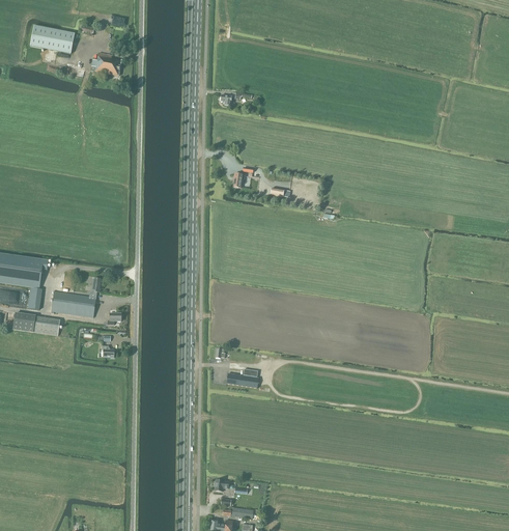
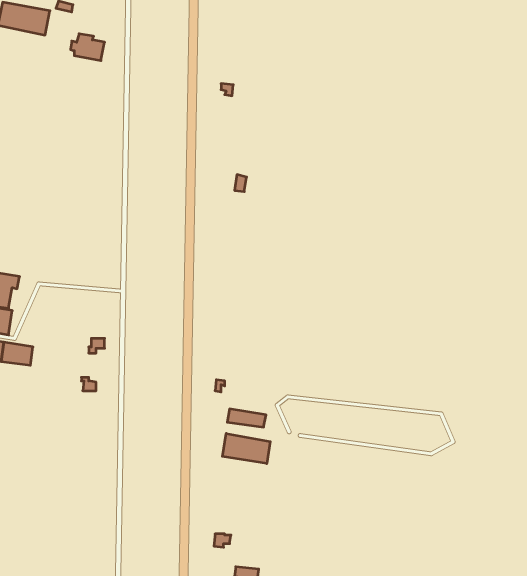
building: [51,277,101,316] -> none
building: none -> [222,433,270,464]

